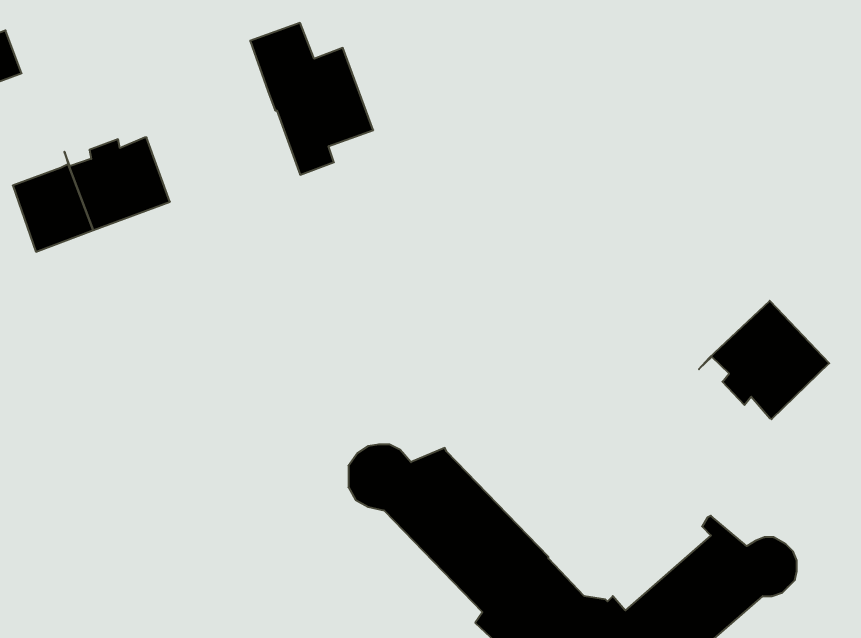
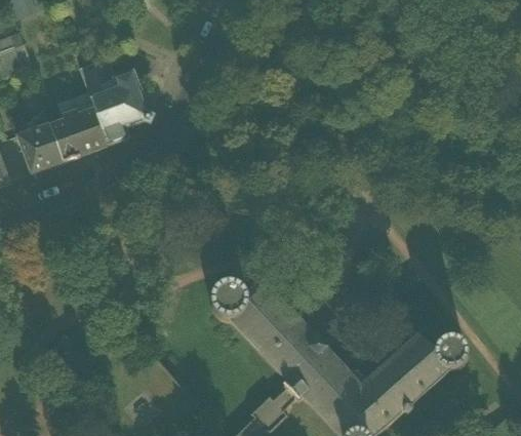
building: [250,23,373,175] -> [79,54,150,142]
building: [699,301,829,419] -> none

